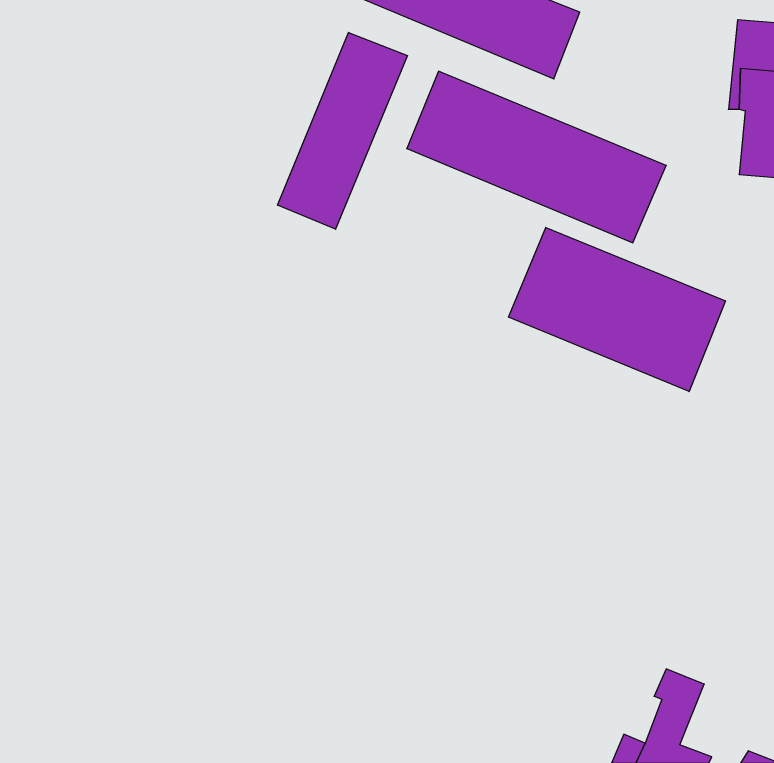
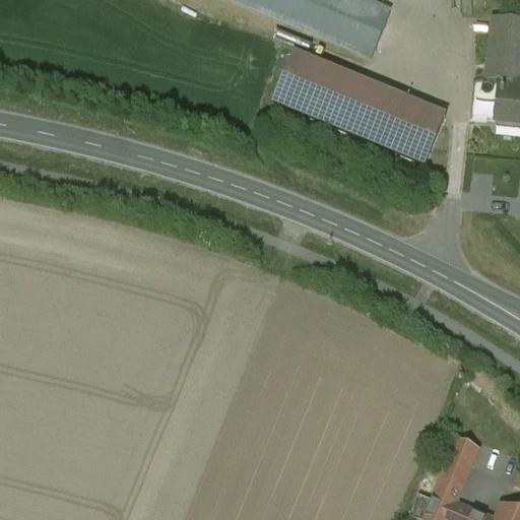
building: [278,32,407,229] -> none
building: [509,227,725,392] -> none

